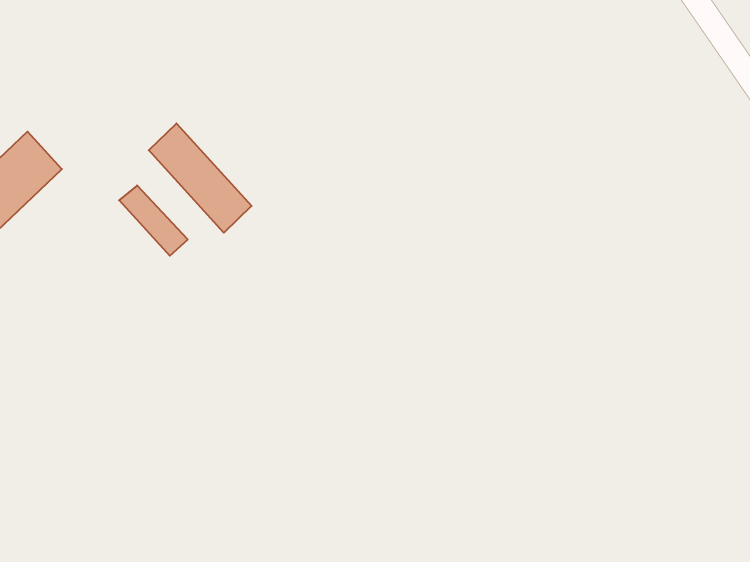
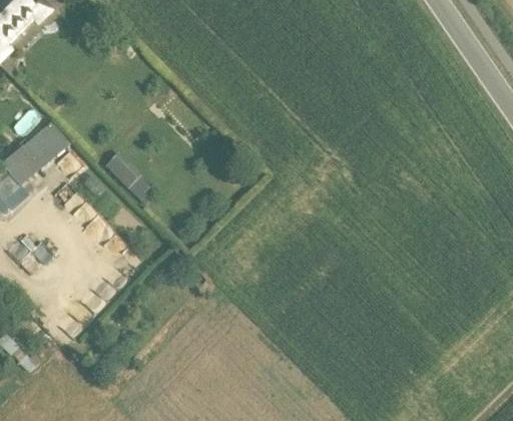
building: [149,123,252,233] -> none

